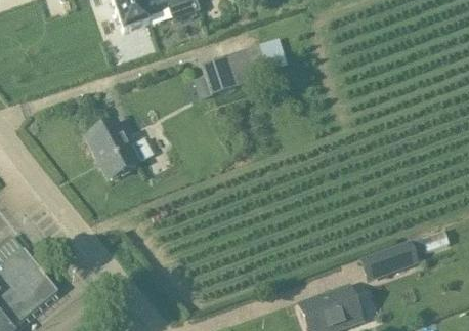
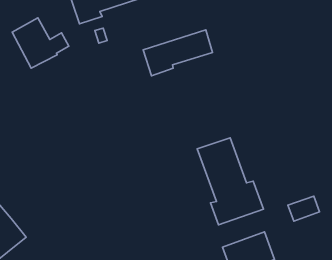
building: [84,119,154,180] -> [12,18,69,68]
building: none -> [197,138,264,225]

